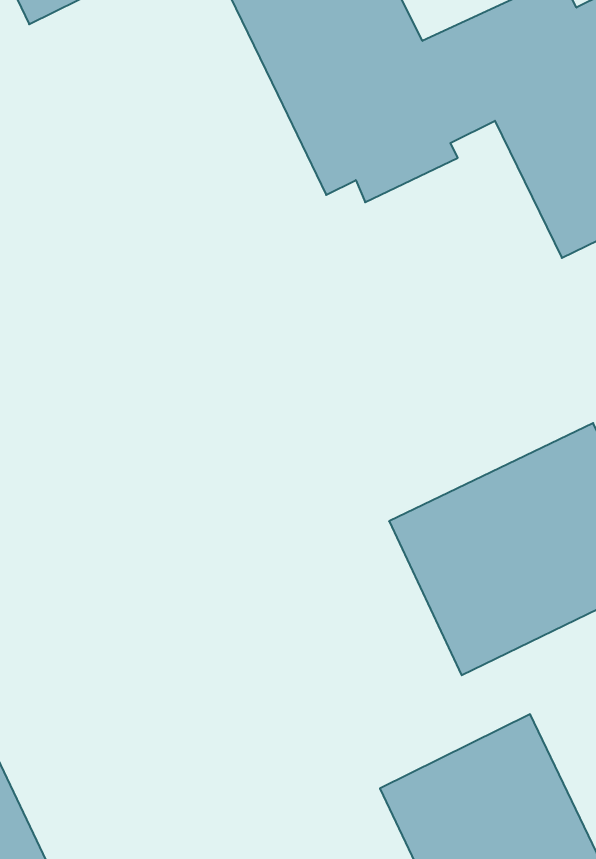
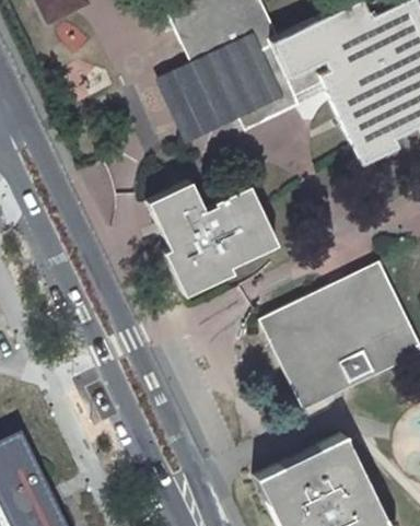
building: none -> [162,67,224,141]
building: none -> [148,179,278,294]

